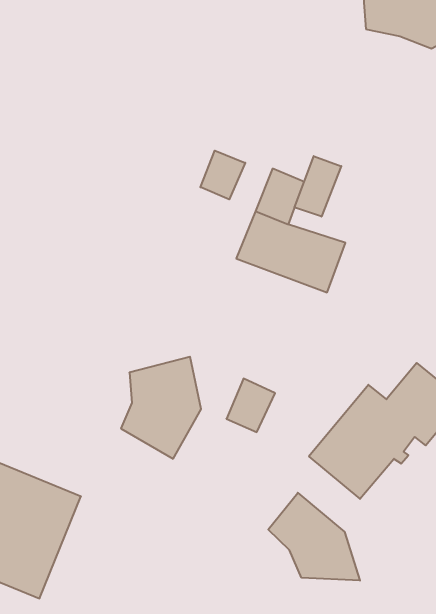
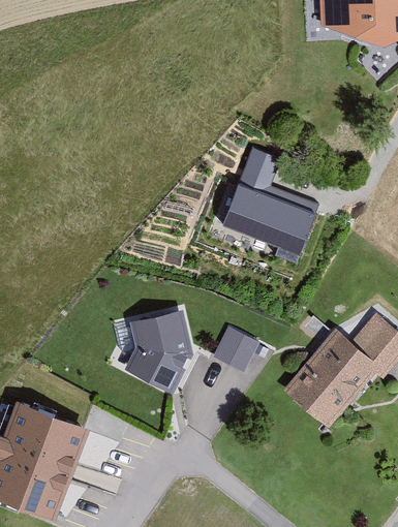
building: [200,151,245,199] -> none
building: [295,156,341,217] -> none
building: [268,493,360,581] -> none

